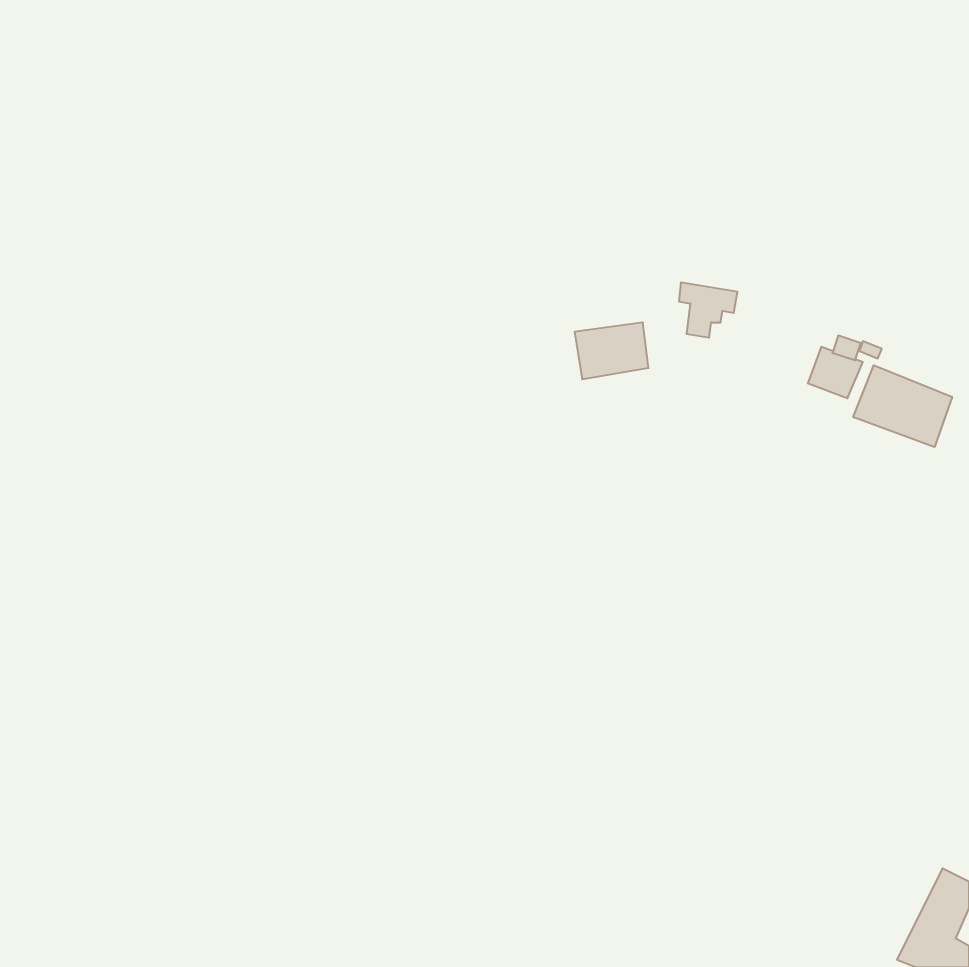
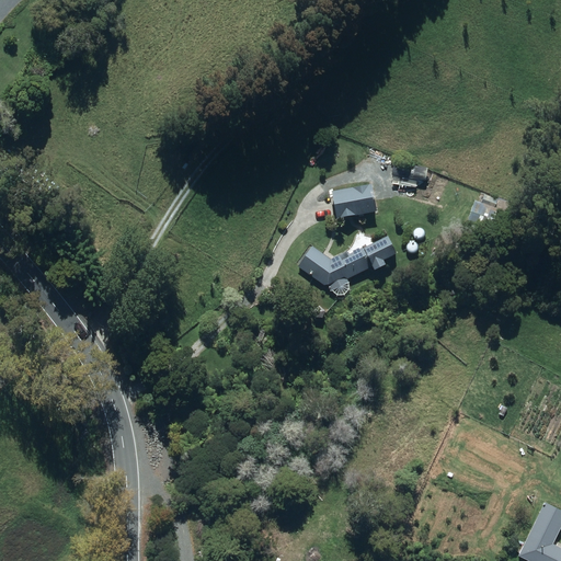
building: [853,365,952,447] -> none
building: none -> [299,238,394,290]

